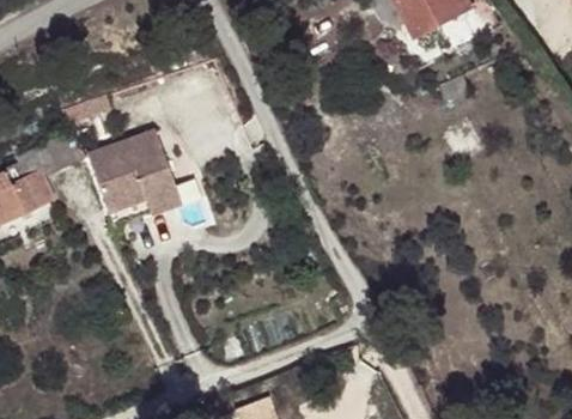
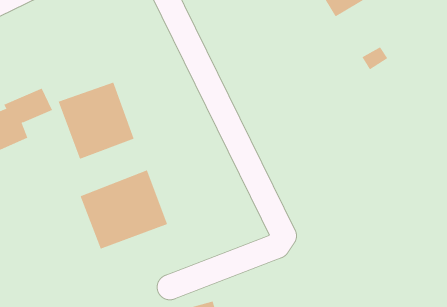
building: none -> [80,170,168,249]

